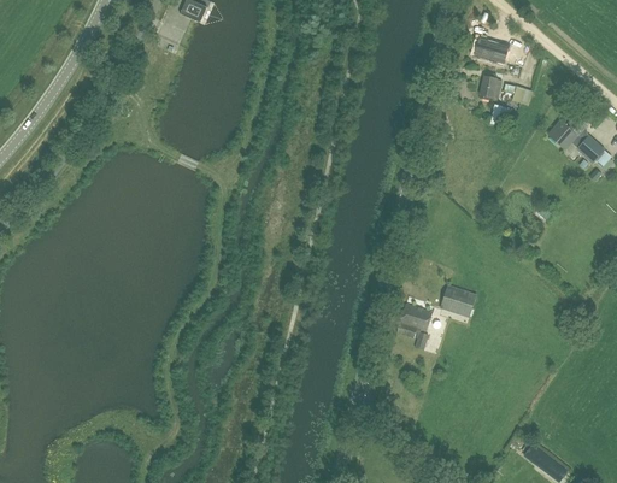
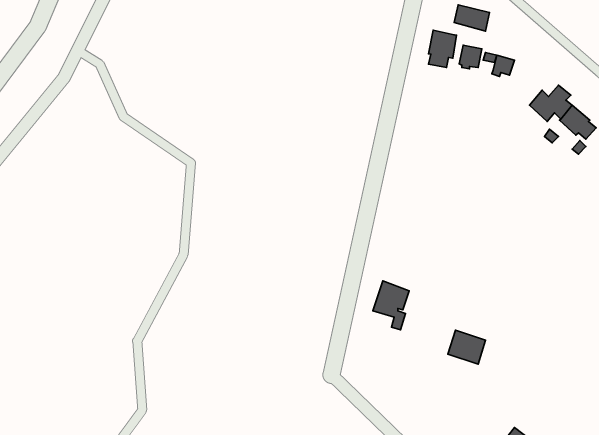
building: none -> [429,30,456,67]
building: [440,284,476,317] -> [448,330,486,364]

